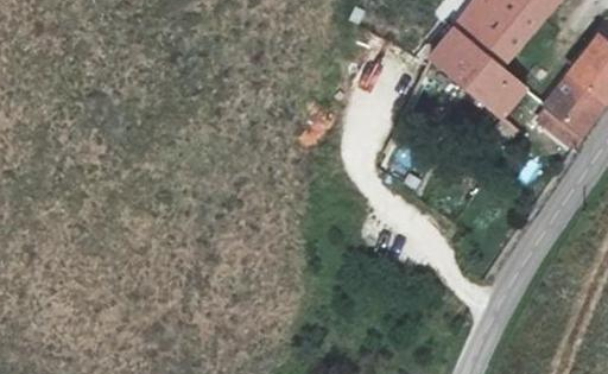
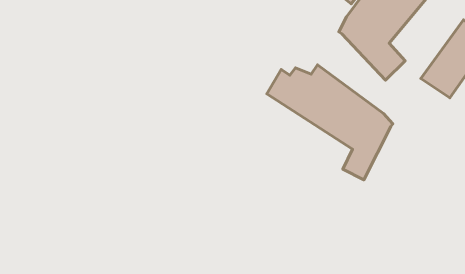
building: none -> [267,65,393,180]

